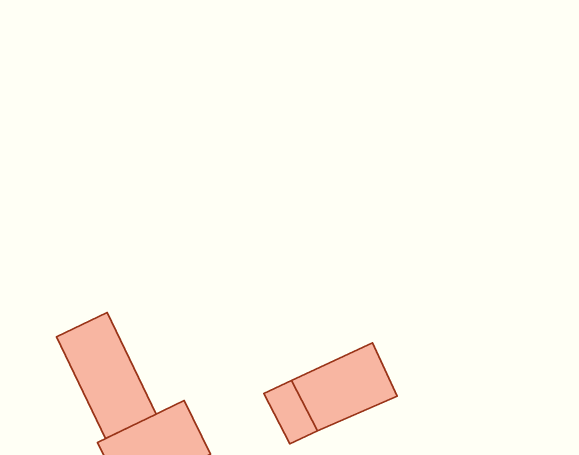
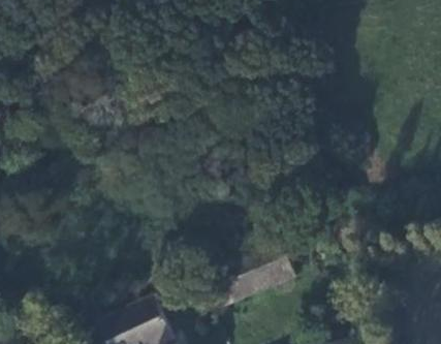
building: [56,313,156,438] -> none

